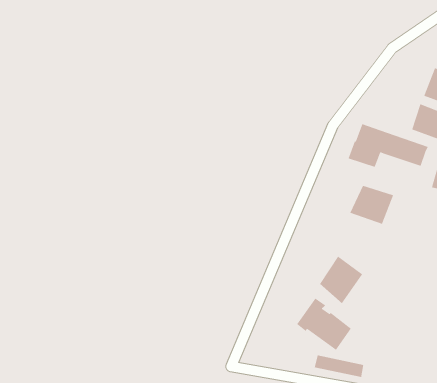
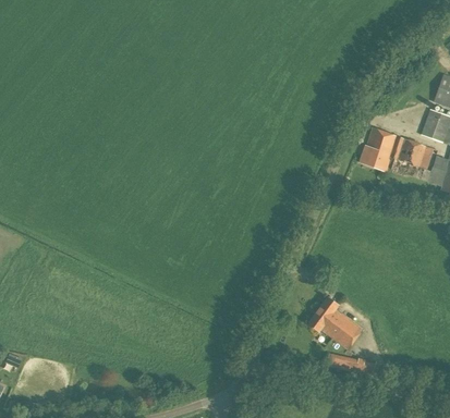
building: [349,185,394,225] -> none
building: [319,255,363,304] -> none

